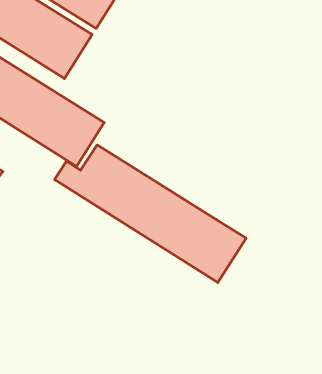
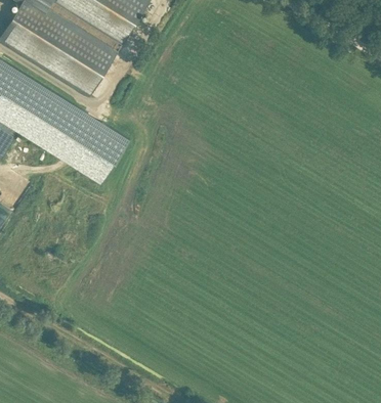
building: [55,145,246,283] -> none

